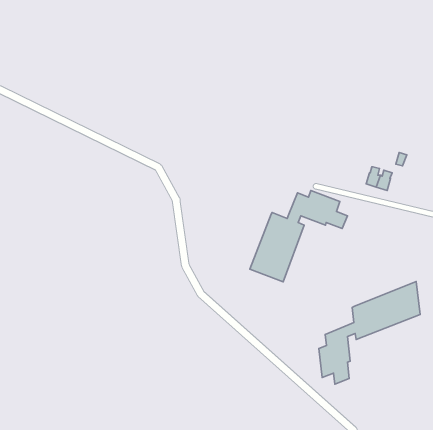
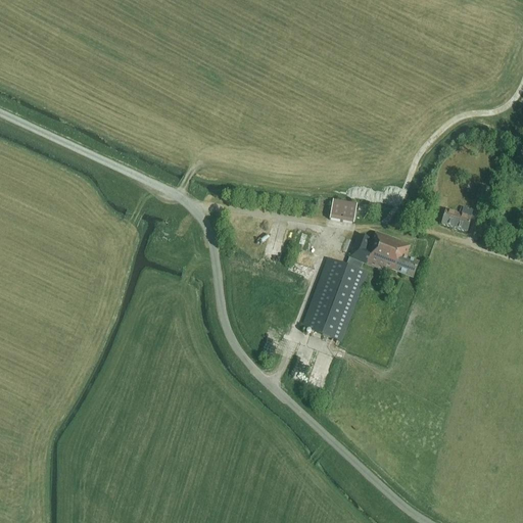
building: none -> [329,198,356,222]
building: [319,282,420,384] -> none

